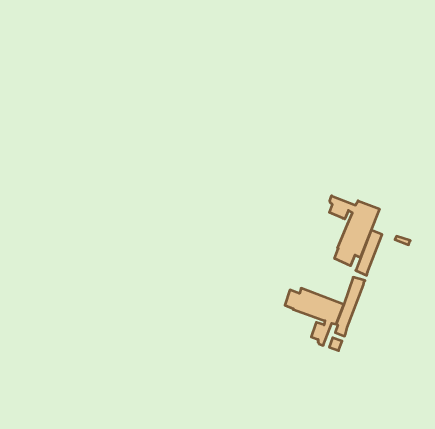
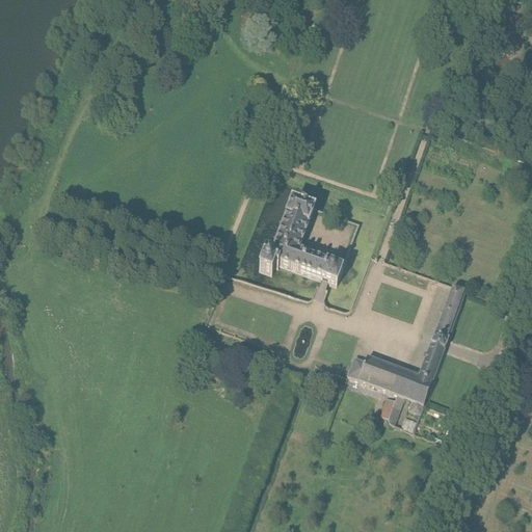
building: none -> [260,195,343,281]
building: [329,196,379,266] -> none

